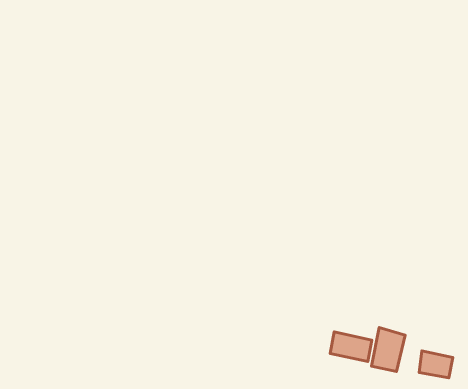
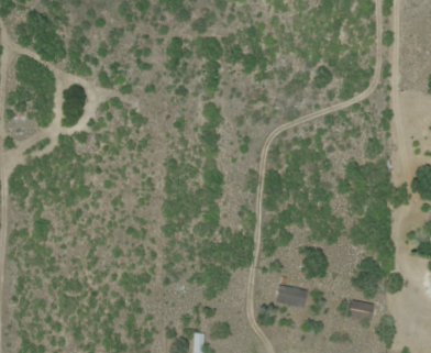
building: [372,328,405,372] -> none

